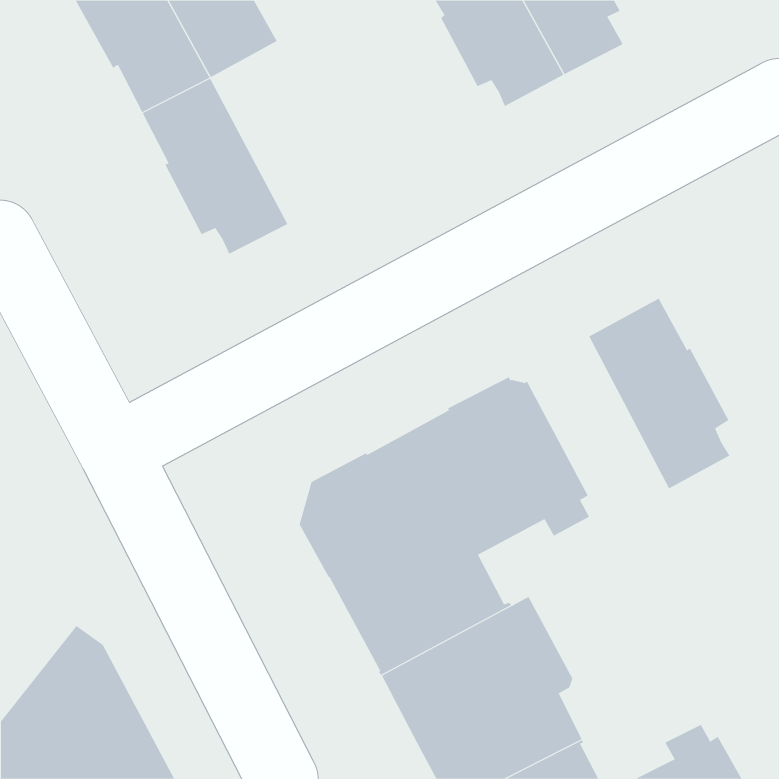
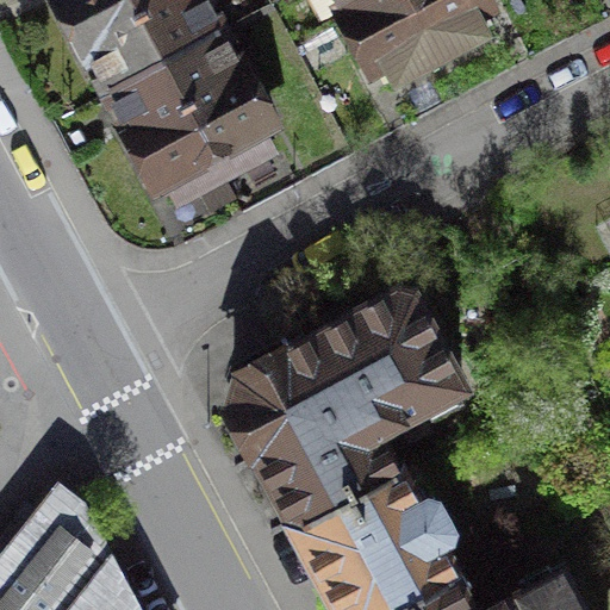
building: none -> [164,32,270,175]
building: [588,298,730,489] -> none

